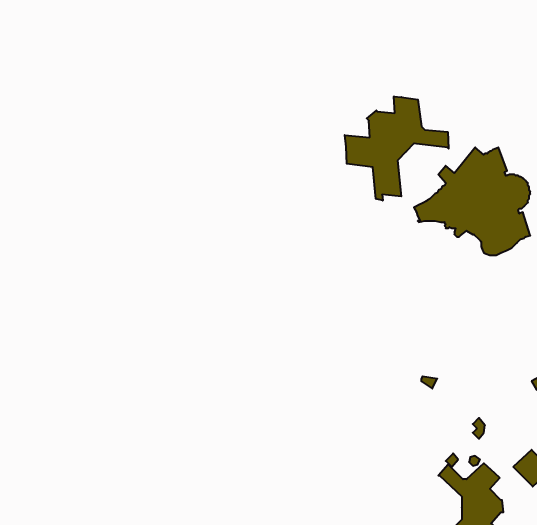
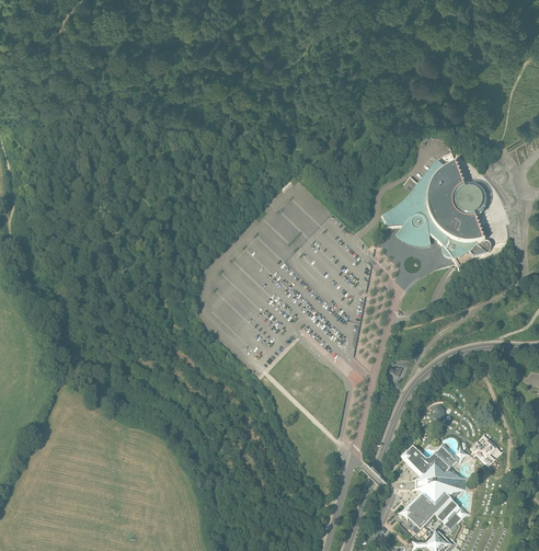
building: [345,96,449,201] -> none

